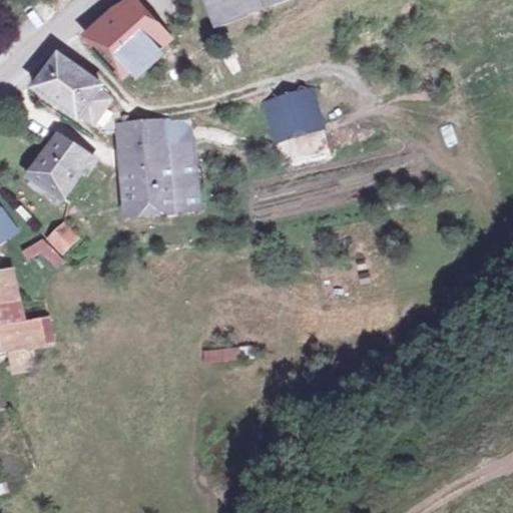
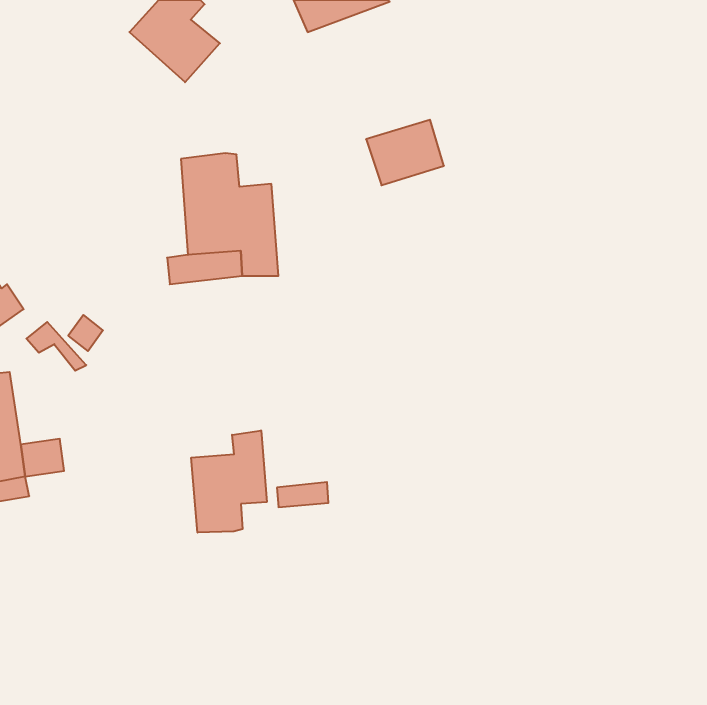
building: [29,50,107,118] -> none
building: [22,129,86,203] -> none
building: none -> [191,430,267,533]

